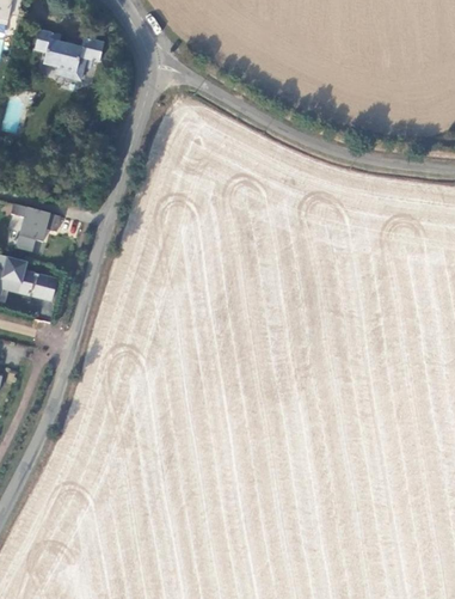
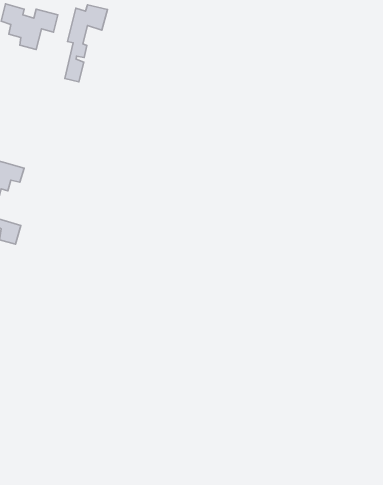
building: none -> [65,5,107,82]

